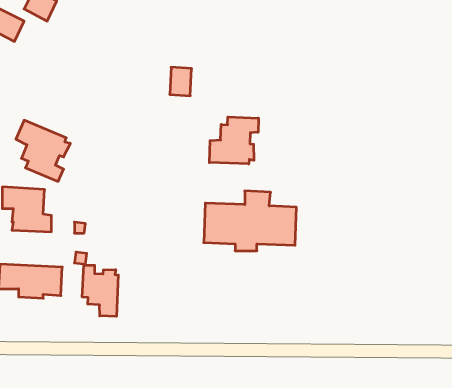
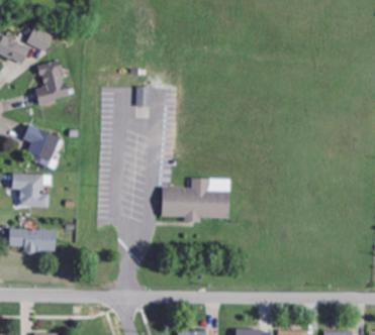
building: none -> [33,59,72,106]
building: [209,117,258,164] -> none
building: [82,265,118,316] -> none

